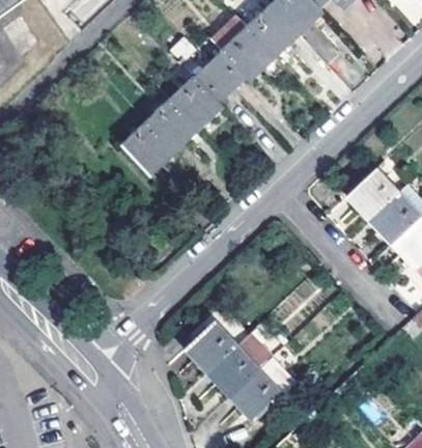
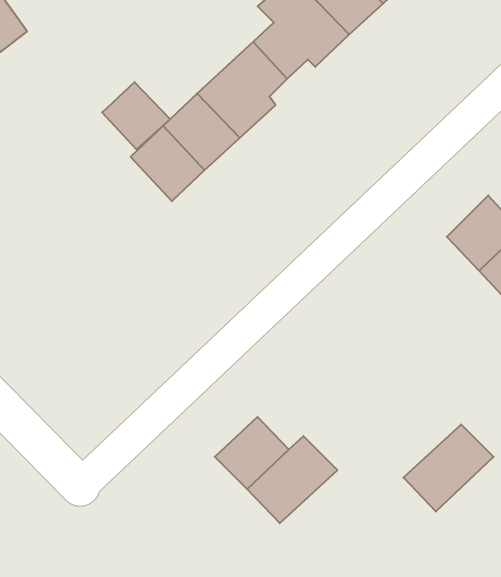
building: none -> [102,82,170,149]
building: [229,359,292,420] -> [403,424,494,512]

